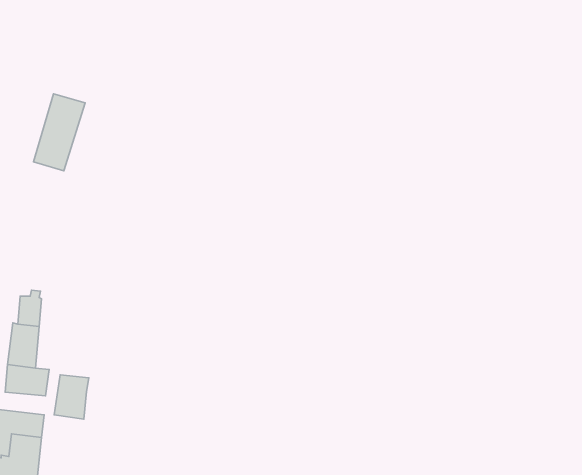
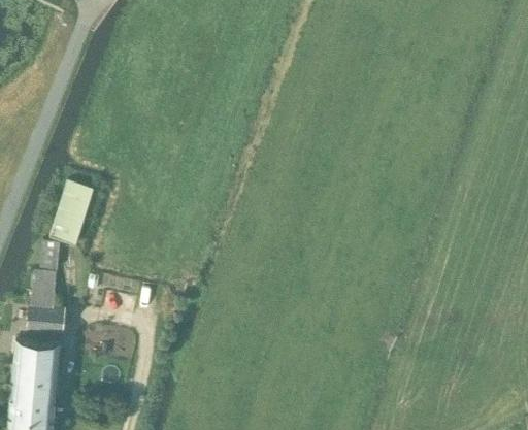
building: [34,94,85,171] -> [51,183,93,245]
building: [54,375,89,419] -> none

